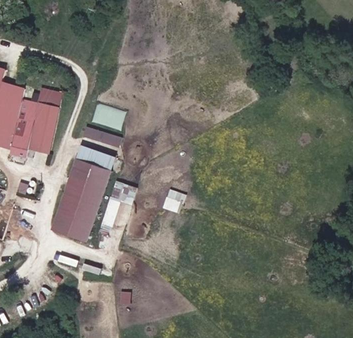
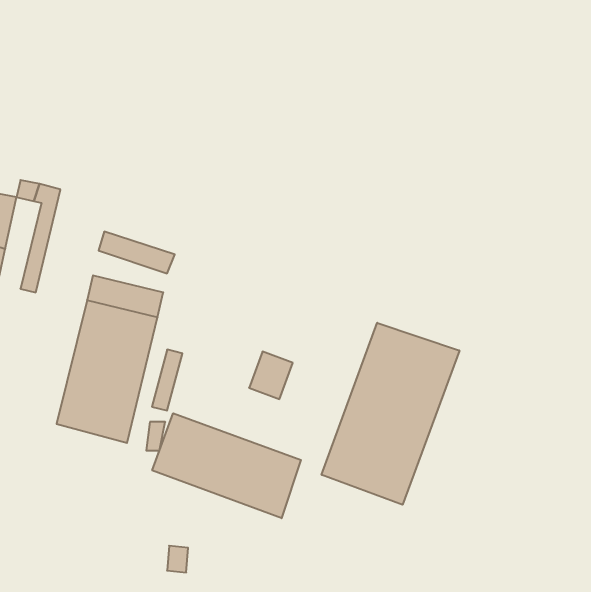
building: none -> [322,323,459,505]
building: none -> [152,413,301,518]

